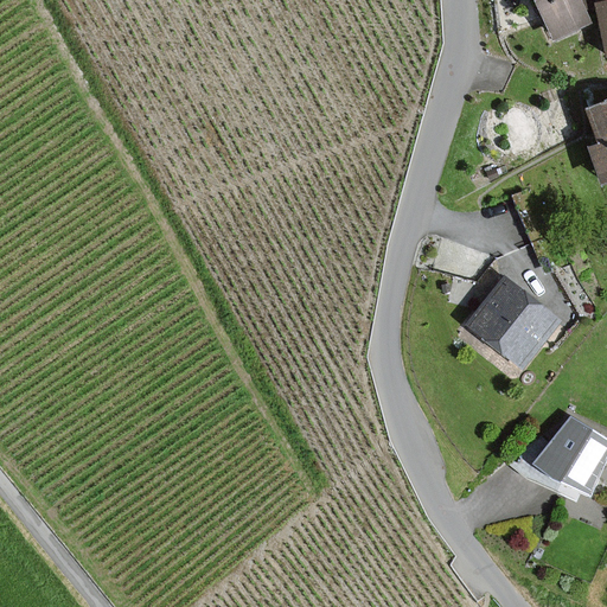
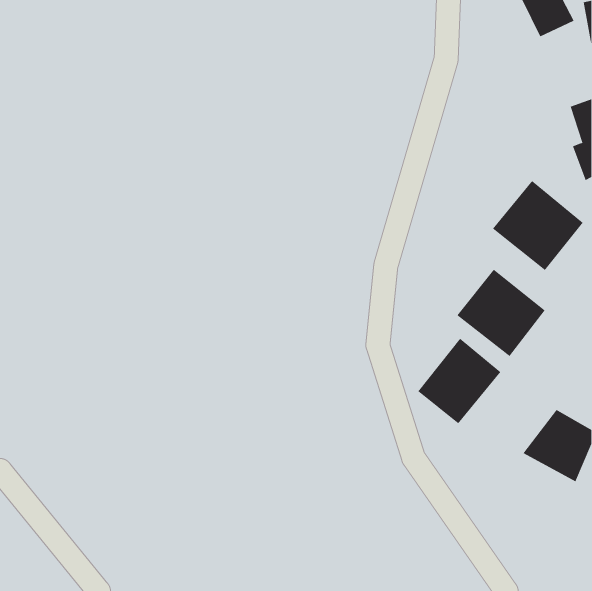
building: none -> [492,180,584,271]
building: none -> [417,338,501,424]

